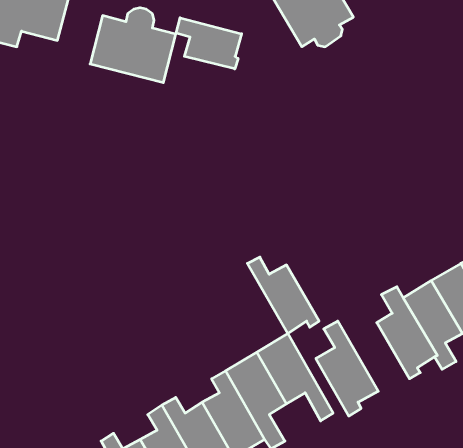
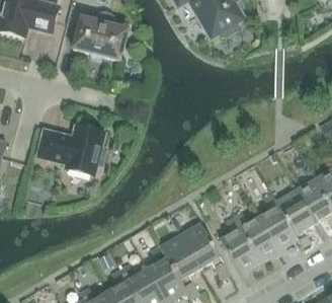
building: [176,18,242,69] -> none
building: none -> [37,125,106,175]
building: [247,257,319,334] -> [234,211,280,260]

